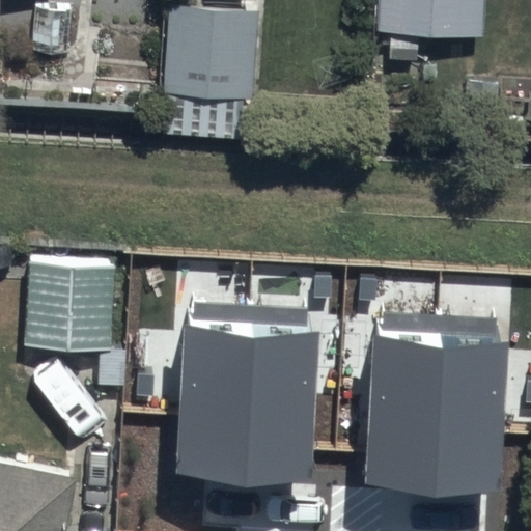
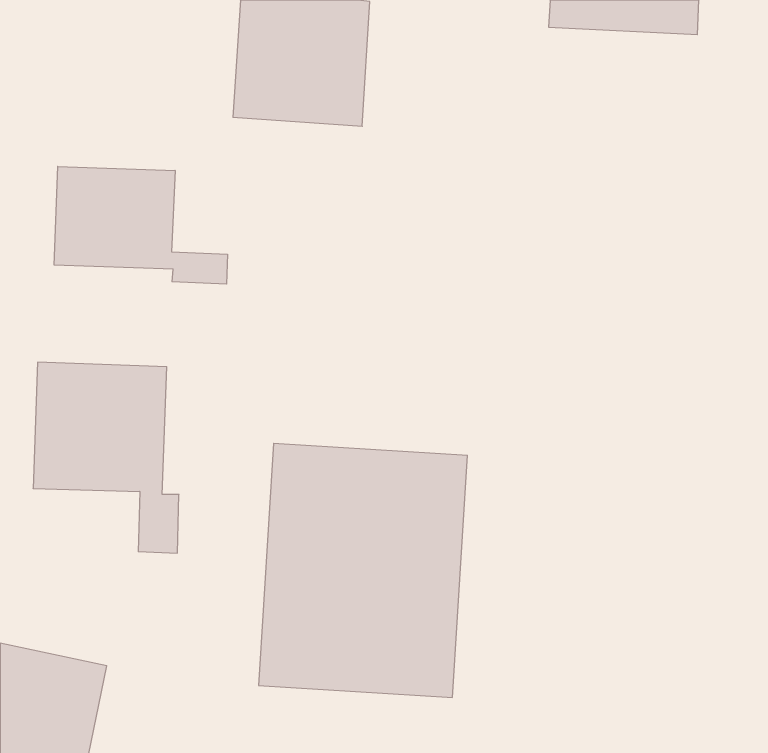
building: none -> [54,166,227,284]
building: [365,330,503,504] -> none

